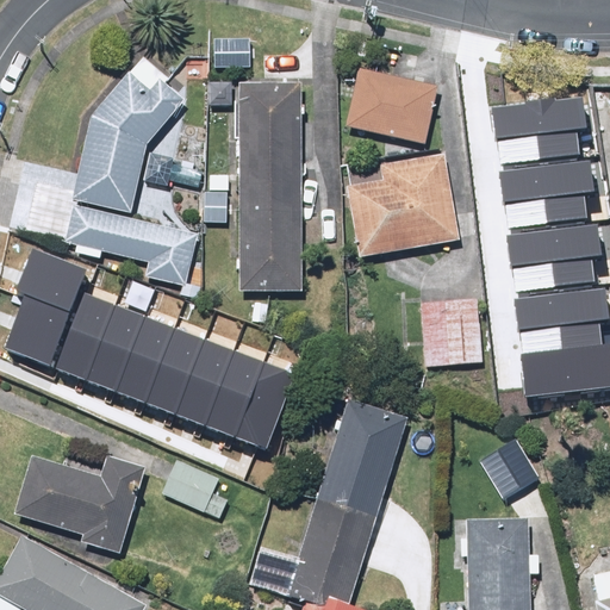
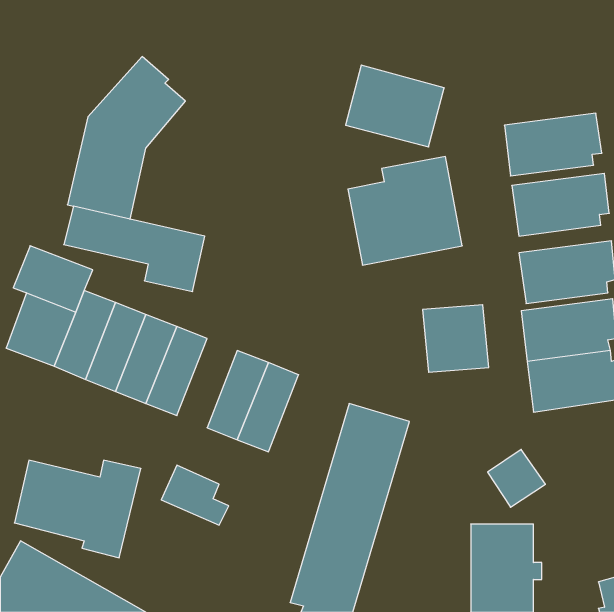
building: [238,80,300,290] -> none
building: [176,335,236,423] -> none

